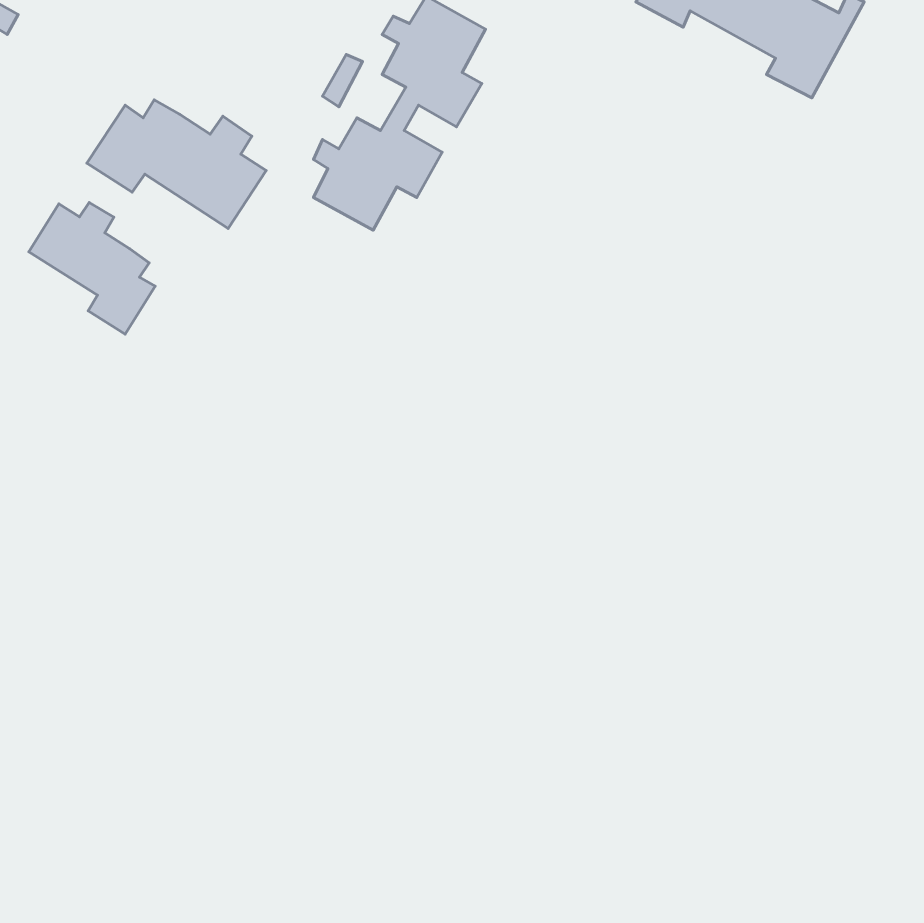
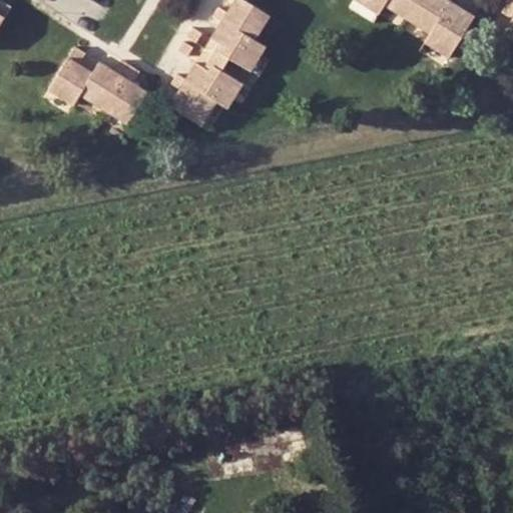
building: [29,203,155,334] -> none

